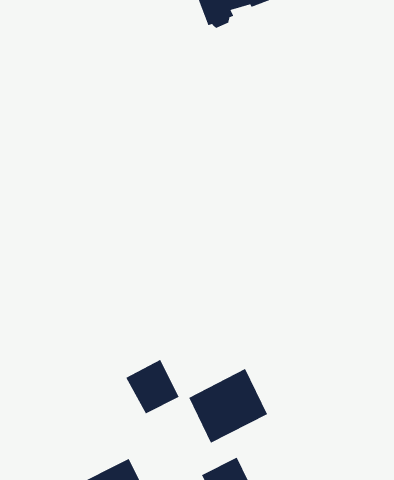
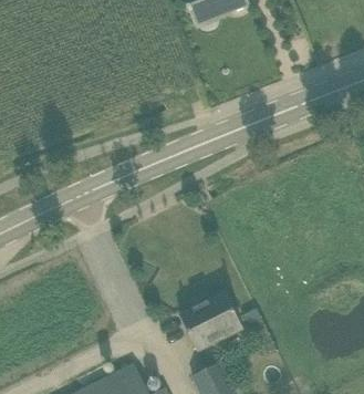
building: [125,359,180,415] -> none

